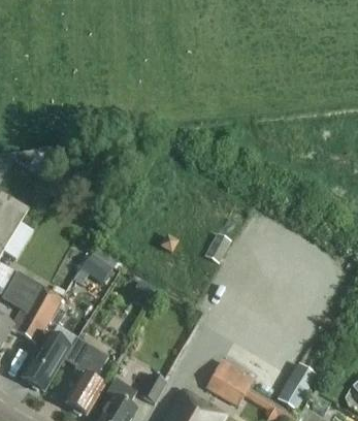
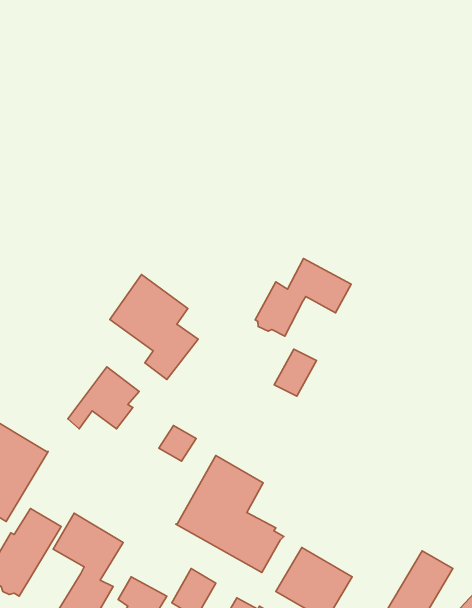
building: none -> [255,258,351,336]
building: none -> [110,275,198,379]
building: none -> [176,455,284,573]

